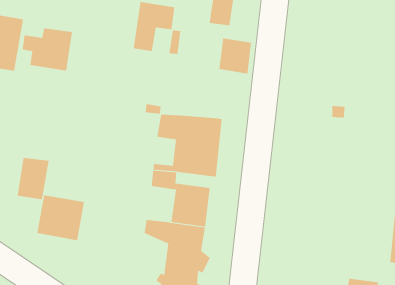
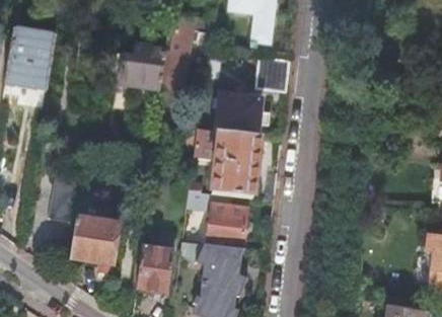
building: [22,28,73,71] -> [113,47,165,91]
building: none -> [217,91,261,139]
building: none -> [136,247,173,294]

